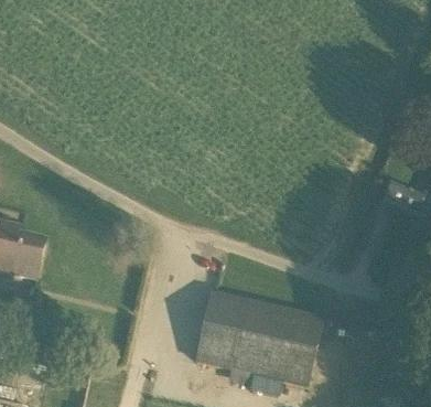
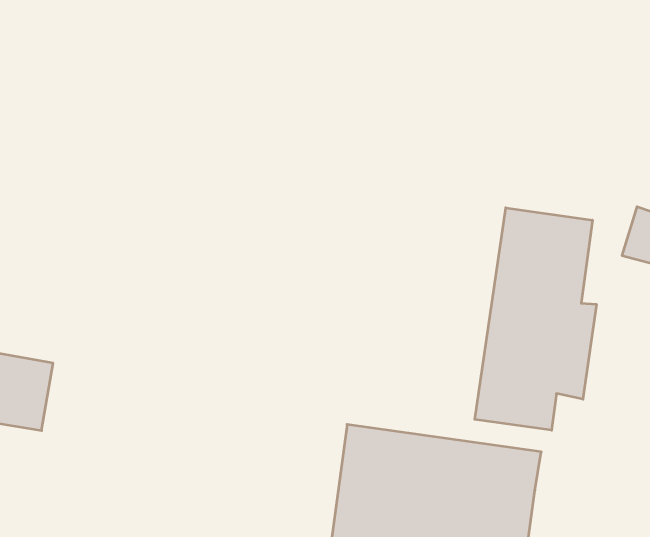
building: none -> [475,208,596,430]

